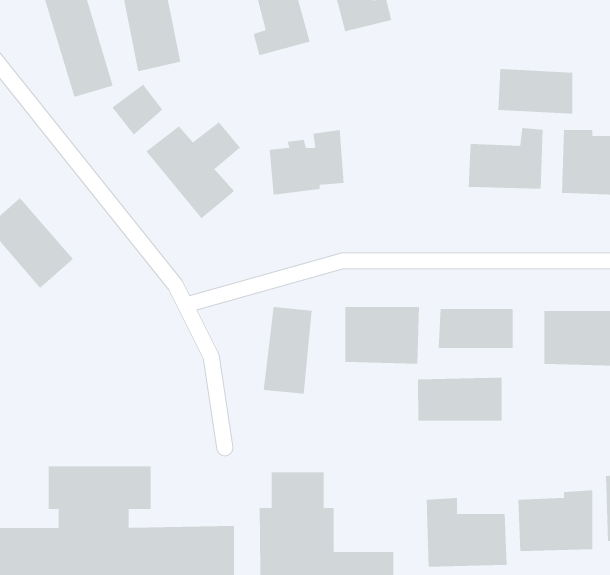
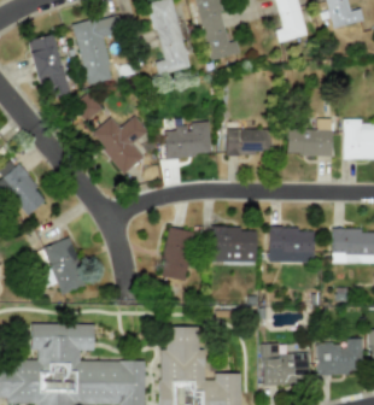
building: [497,68,573,114] -> [226,127,271,154]
building: none -> [43,236,89,294]
building: [418,377,502,422] -> none

